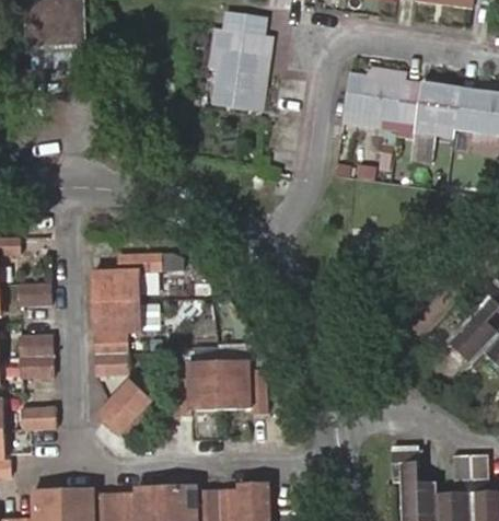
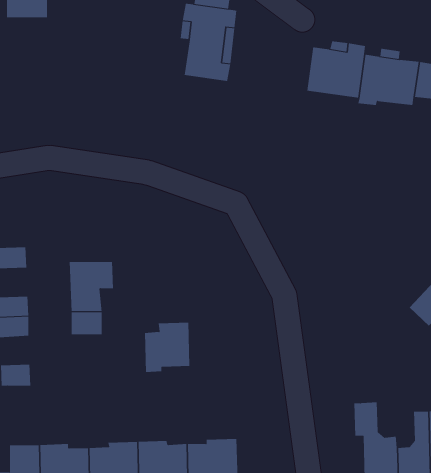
building: [93,255,161,299] -> none
building: [220,361,267,413] -> none
building: [97,380,152,436] -> none

